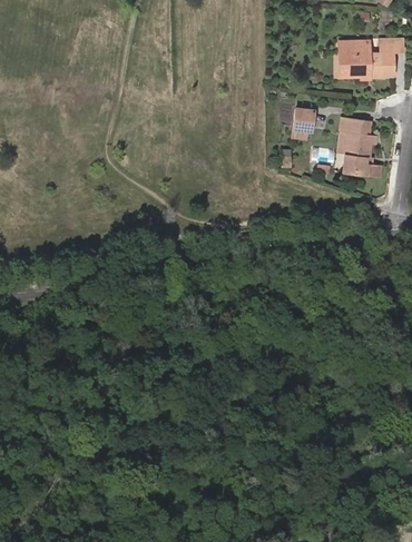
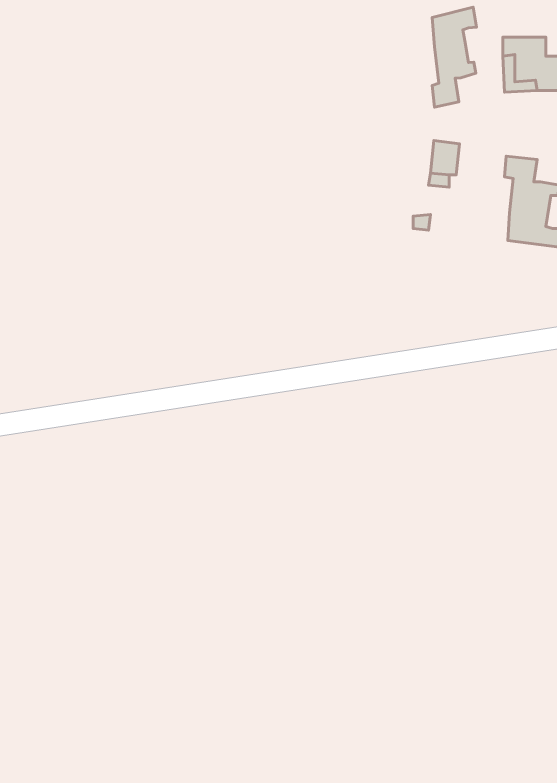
building: none -> [432,7,477,107]

